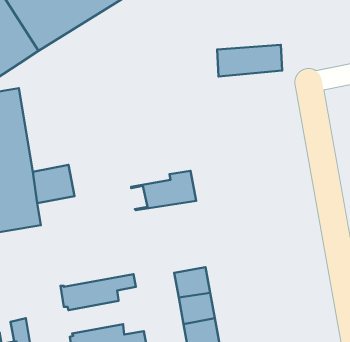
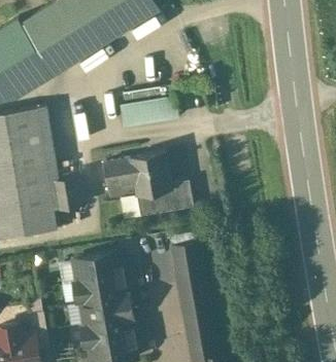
building: [217,45,282,76] -> [123,97,180,124]
building: none -> [103,152,171,200]
building: none -> [170,244,202,271]
building: none -> [73,254,138,284]
building: none -> [80,295,132,325]

